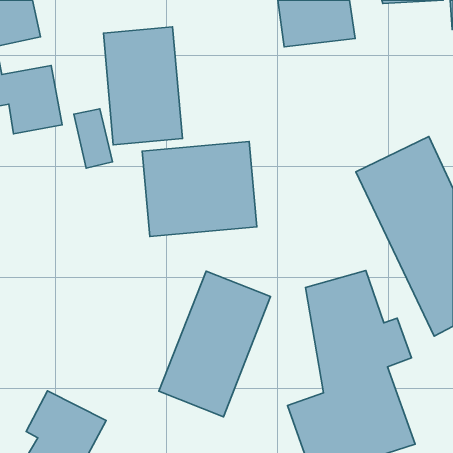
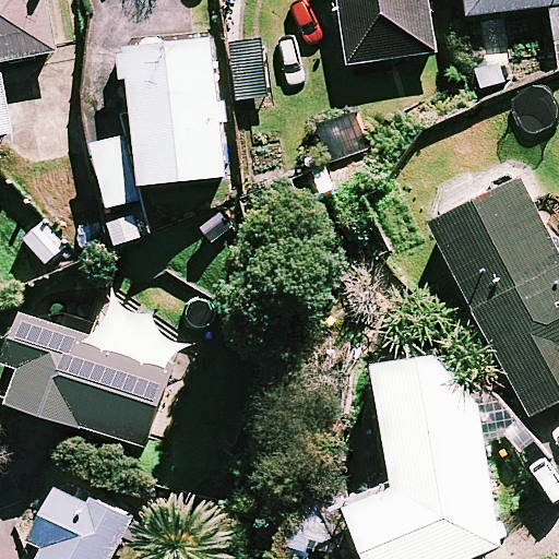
building: [142,142,257,236] -> none
building: none -> [8,311,181,448]
building: [159,271,270,417] -> none

